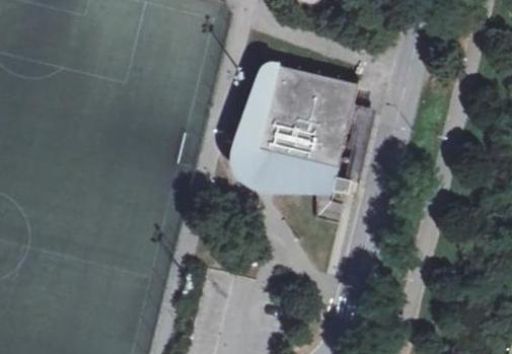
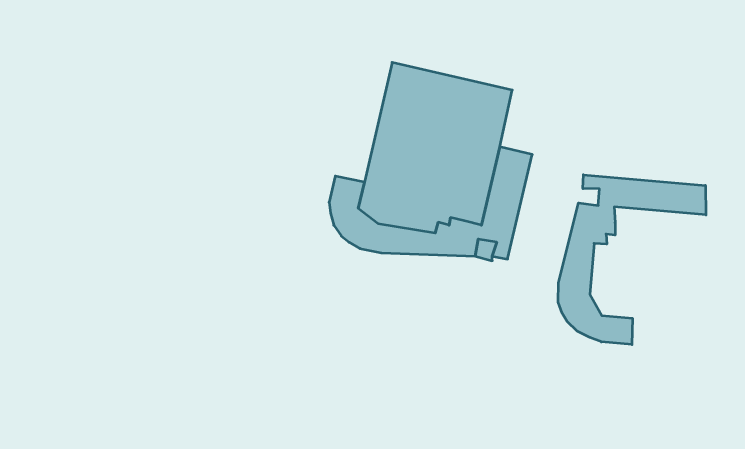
building: none -> [558,175,706,345]

